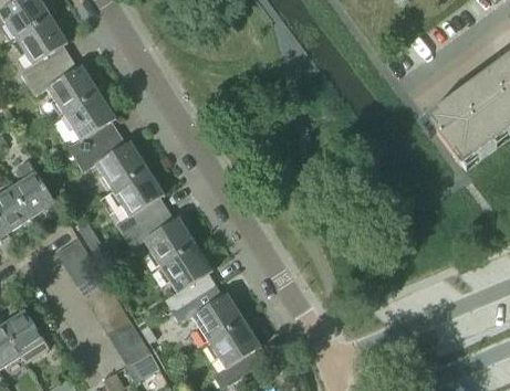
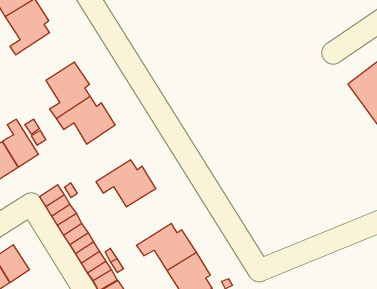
building: [27,56,97,114] -> none
building: [112,167,165,235] -> none
building: [159,243,214,311] -> none

